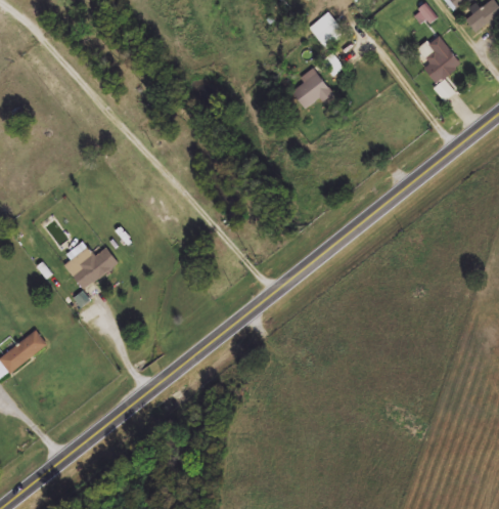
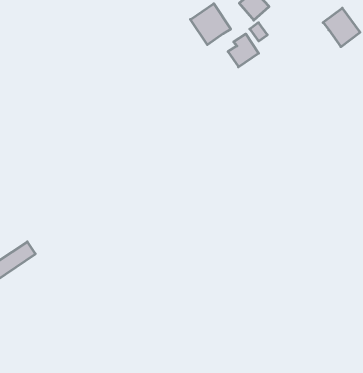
building: none -> [190,4,231,45]
building: [63,241,119,290] -> none

